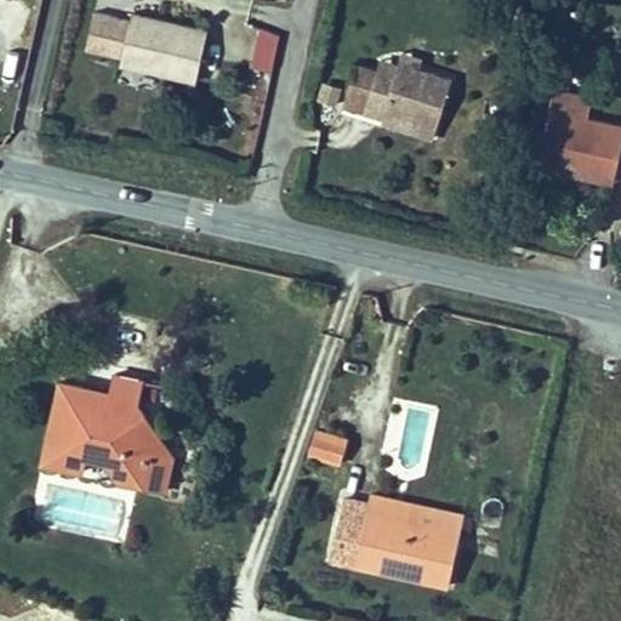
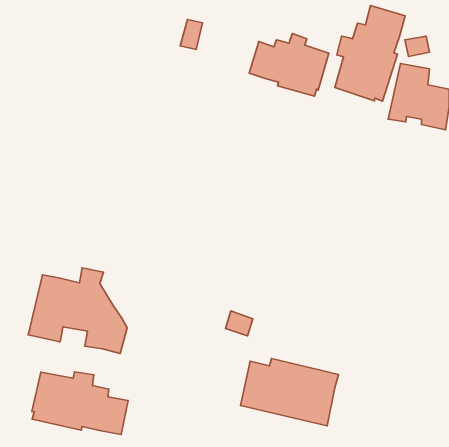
building: [84,13,206,82] -> none
building: none -> [335,5,405,101]
building: none -> [32,372,128,435]

